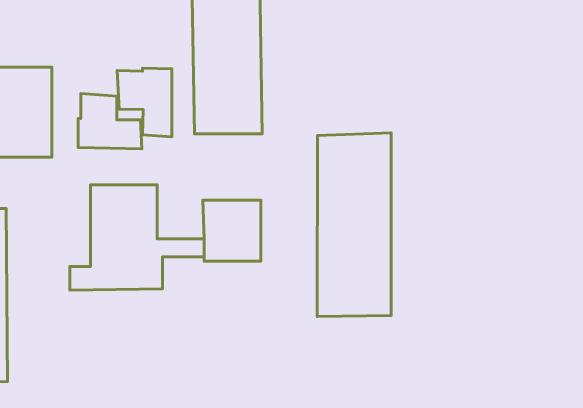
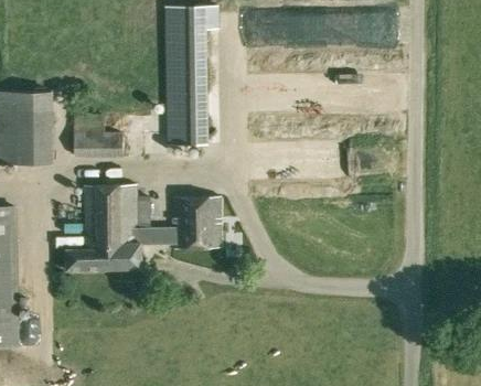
building: [117,68,172,137] -> none
building: [317,133,391,317] -> none

